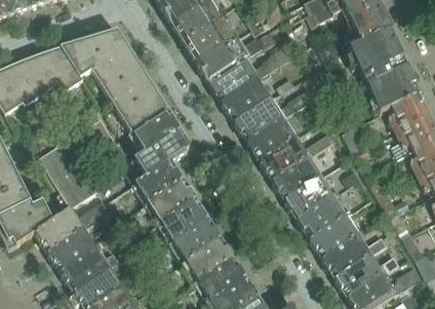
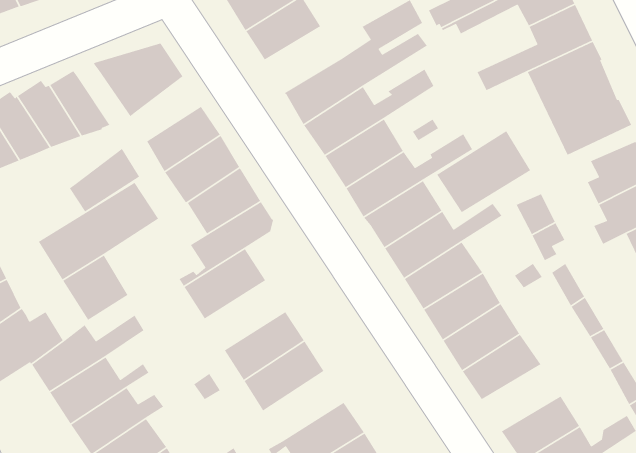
building: [184,18,232,61] -> none
building: [98,50,144,91] -> [69,148,140,213]
building: none -> [436,130,531,213]
building: [146,180,197,224] -> none
building: [321,233,371,275] -> none
building: [183,237,234,281] -> none

